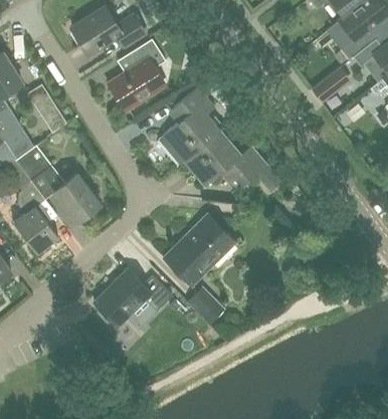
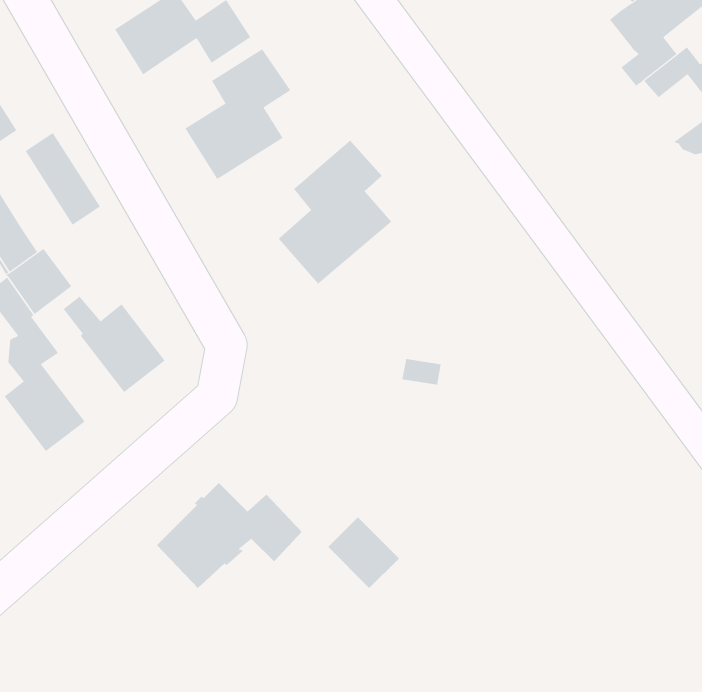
building: [311,66,350,103] -> none
building: [180,131,274,190] -> none
building: [164,213,234,284] -> none

